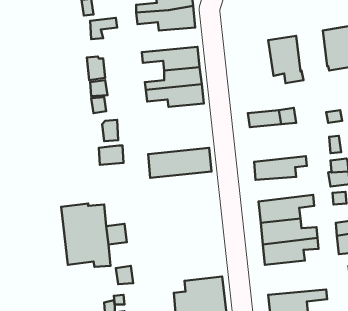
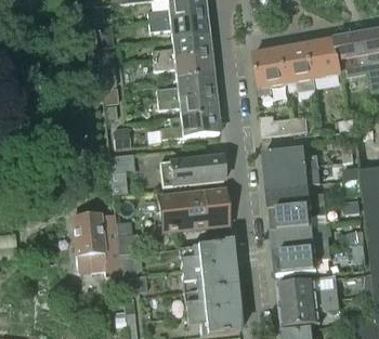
building: none -> [152,34,209,58]
building: none -> [309,37,340,78]
building: none -> [253,47,286,94]
building: none -> [160,110,218,139]
building: none -> [264,145,318,169]
building: none -> [267,184,326,209]
building: none -> [157,188,227,231]
building: none -> [180,240,234,289]
building: none -> [278,274,339,303]

